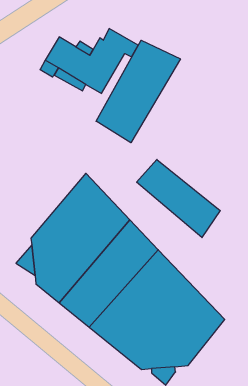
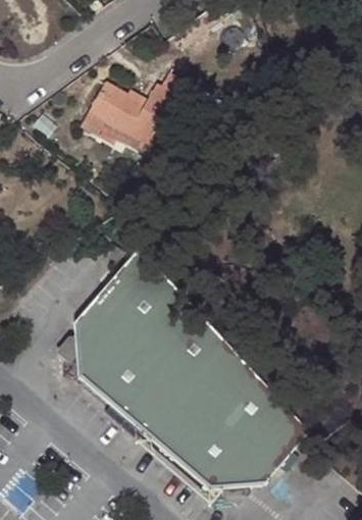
building: [96,40,180,143] -> none
building: [137,159,220,238] -> none

